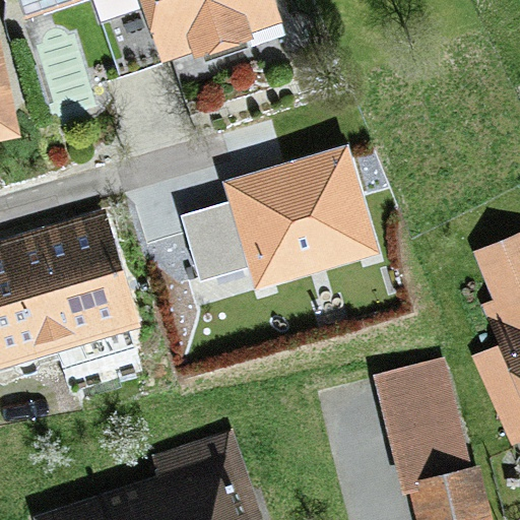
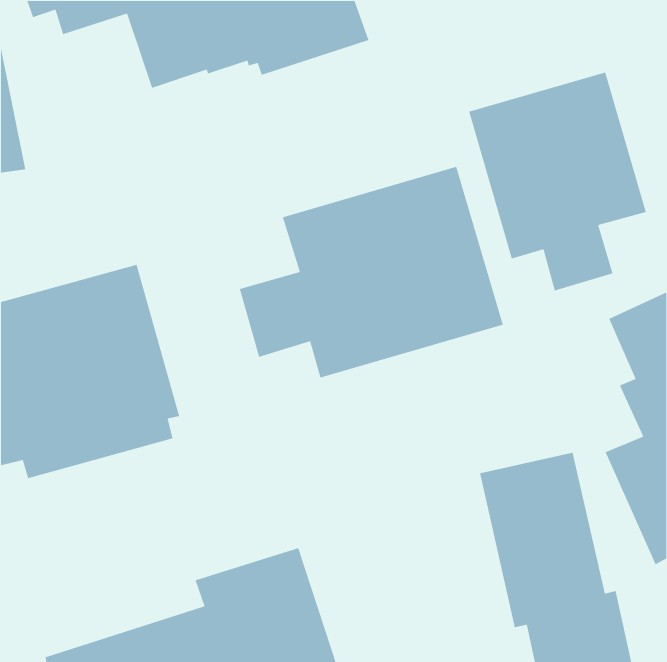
building: none -> [468,72,647,292]

